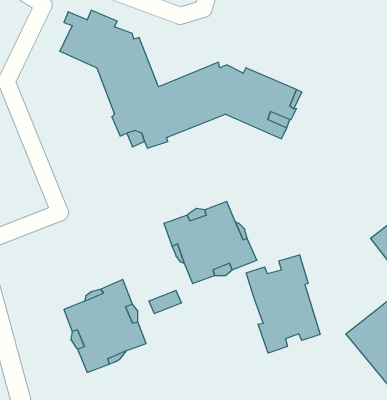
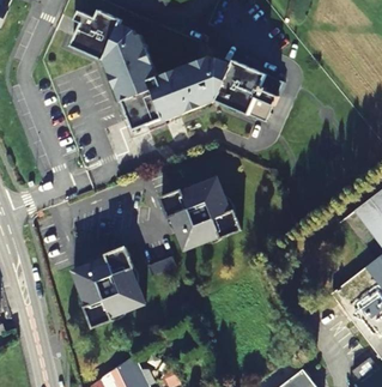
building: [246,255,320,353] -> none

